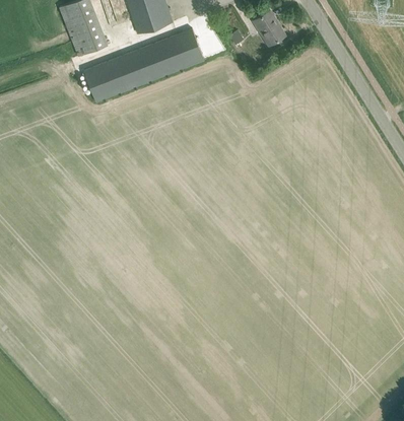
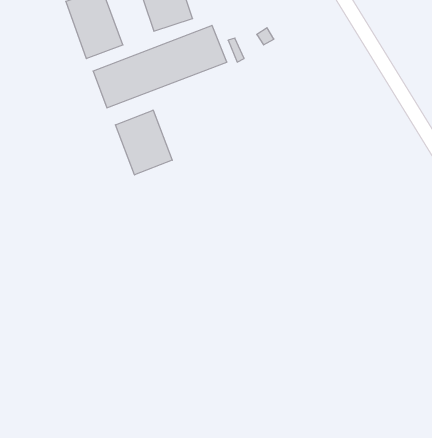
building: [253,11,284,46] -> none
building: none -> [115,110,172,175]

